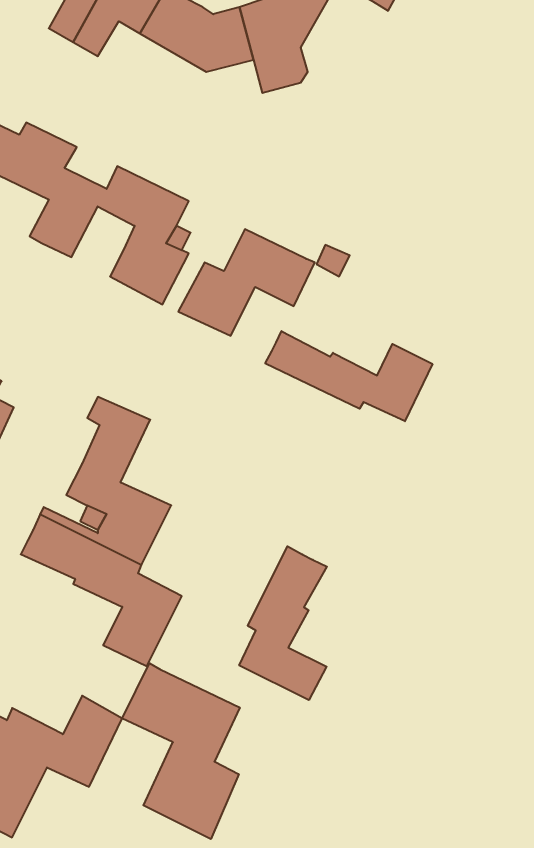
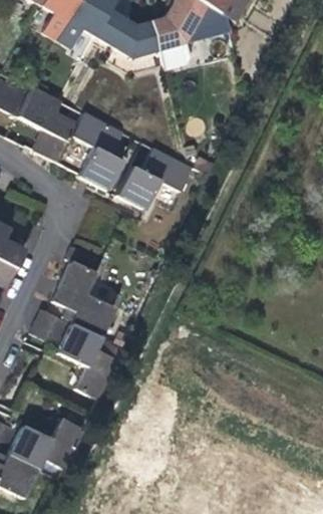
building: [265,331,432,421] -> none
building: [239,546,327,700] -> none
building: [122,663,240,839] -> none

